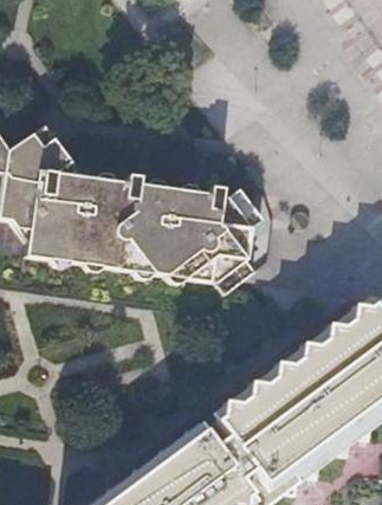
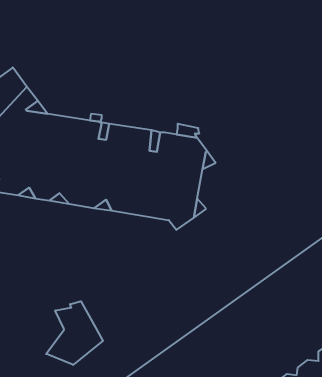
building: none -> [46,301,103,365]

